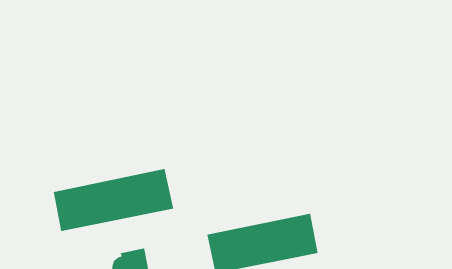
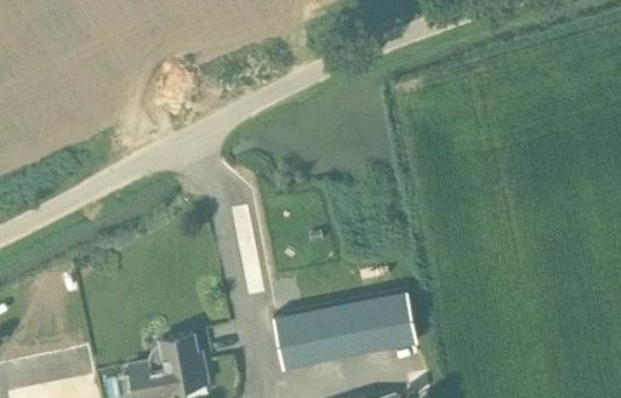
building: [53,168,174,232] -> none

